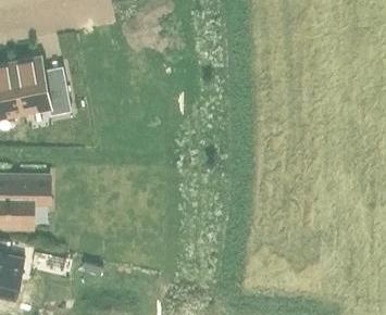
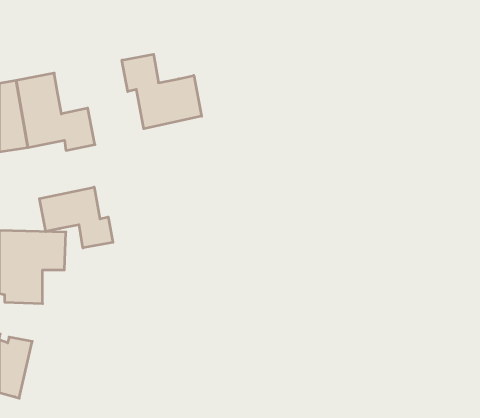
building: none -> [122,54,202,129]
building: none -> [39,187,113,248]

